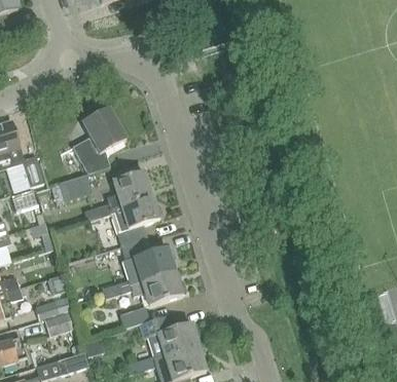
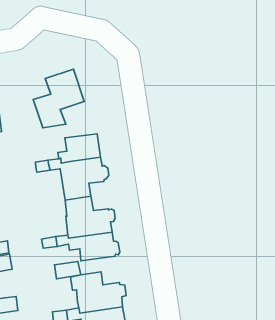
building: [59,173,92,199] -> none

